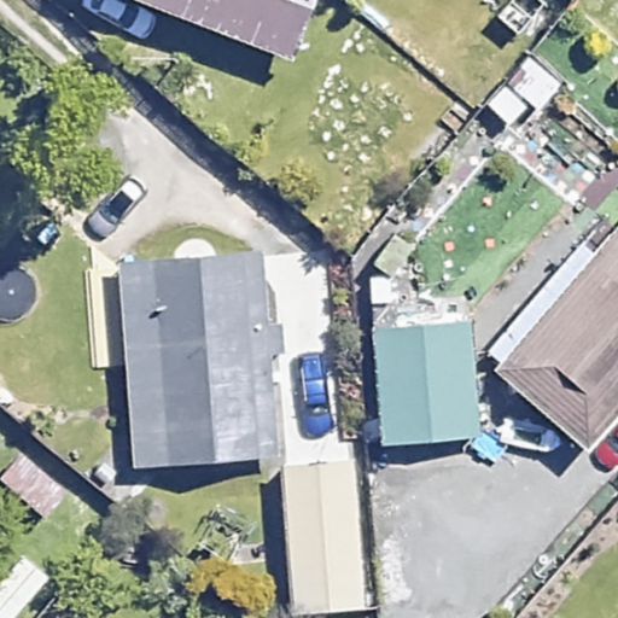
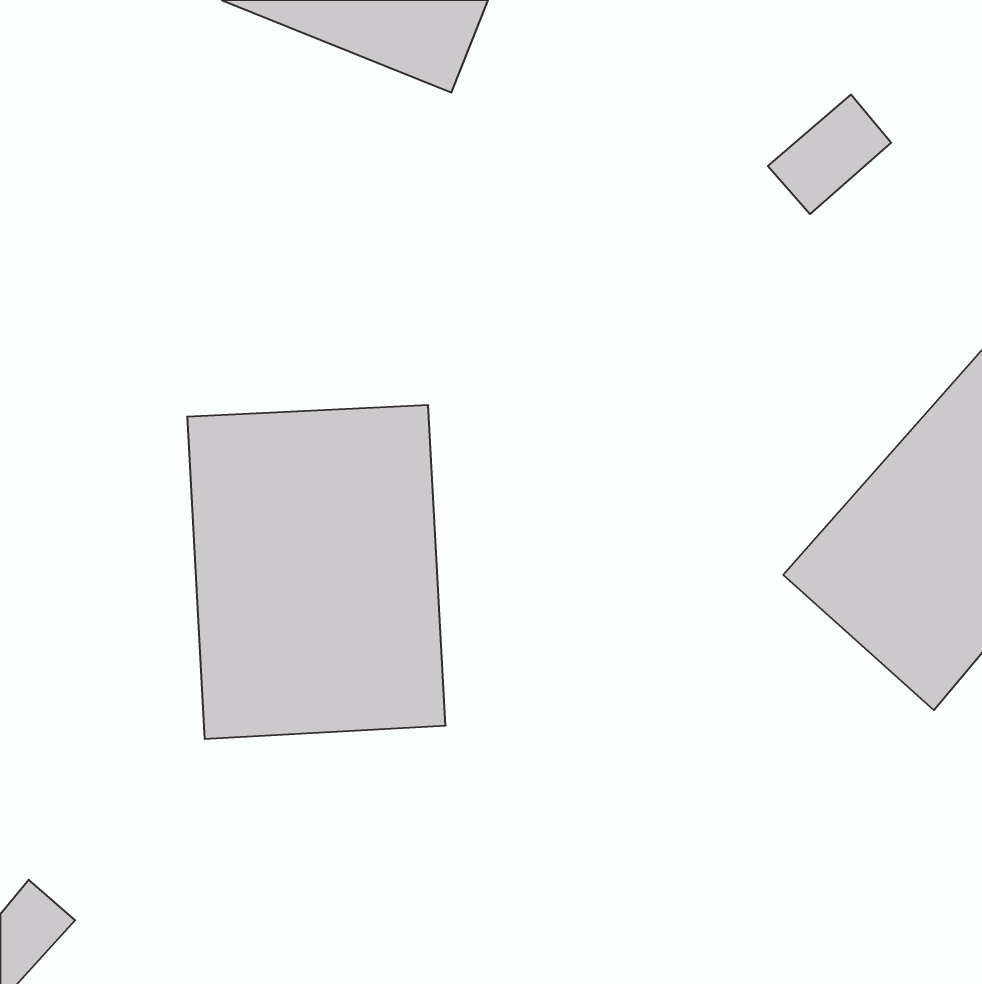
building: [375,327,477,441] -> none
building: [280,460,361,612] -> none

